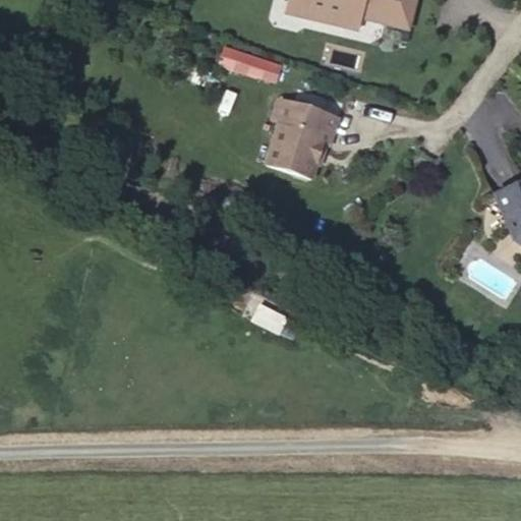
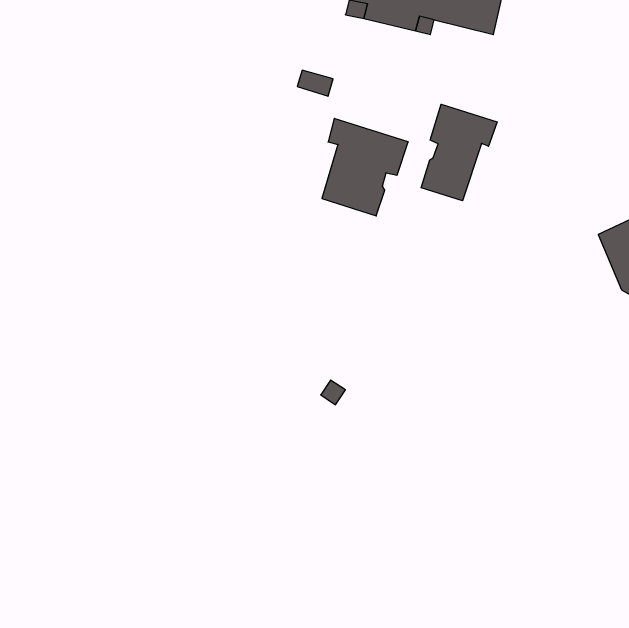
building: none -> [421,104,497,201]

